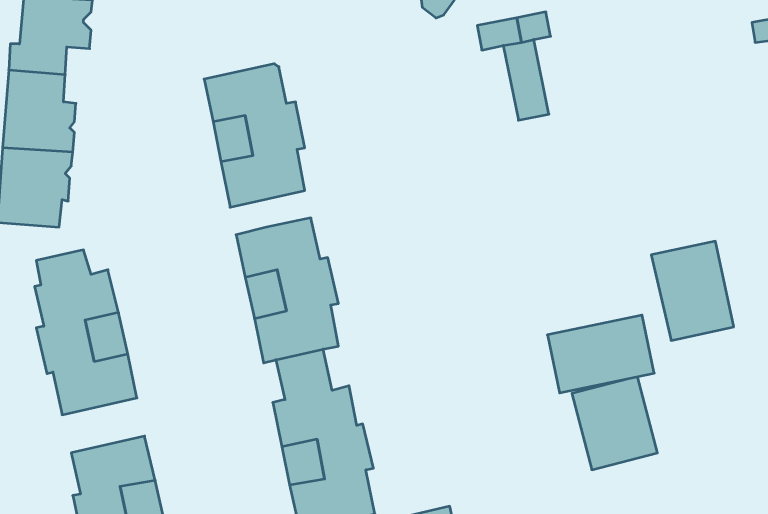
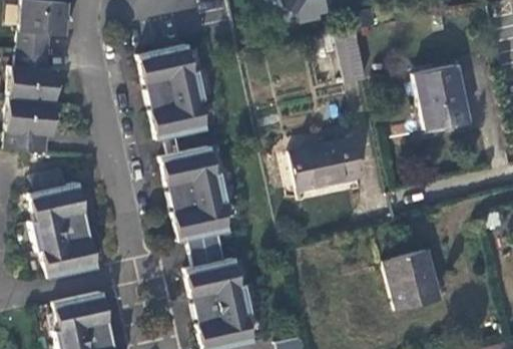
building: [651,241,734,340] -> [415,64,469,129]
building: [547,315,654,393] -> [292,139,362,191]

